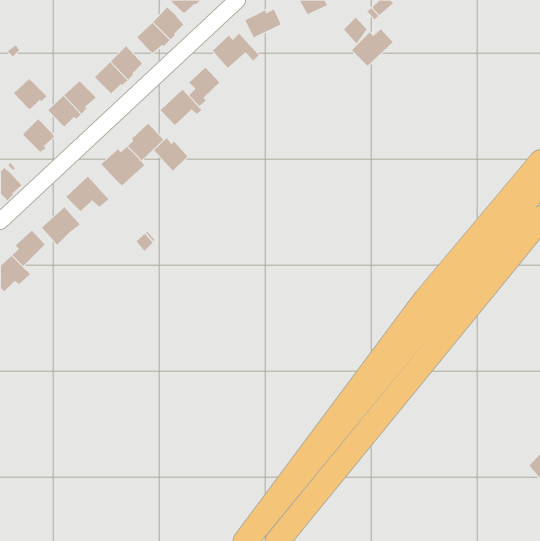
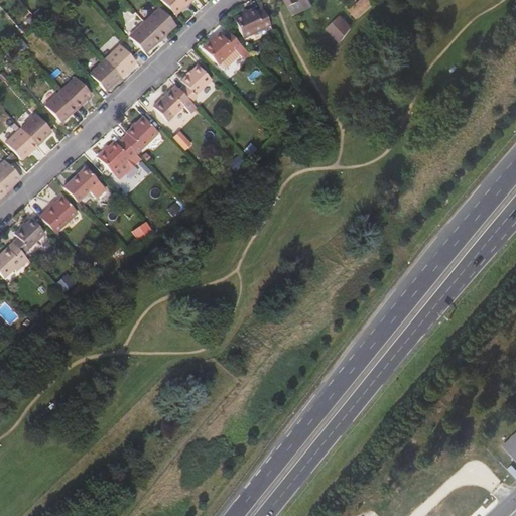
building: [351,28,394,66] -> none
building: [13,78,47,110] -> [7,128,39,158]
building: [153,137,188,171] -> none

